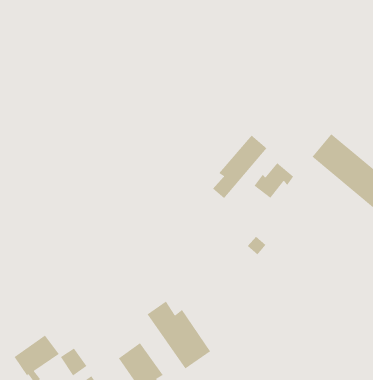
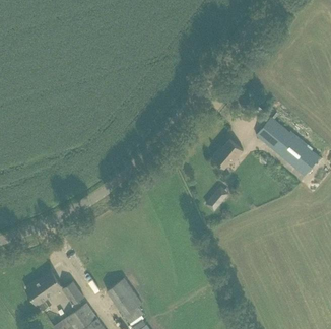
building: [212,135,267,199] -> none
building: [147,300,211,369] -> none

